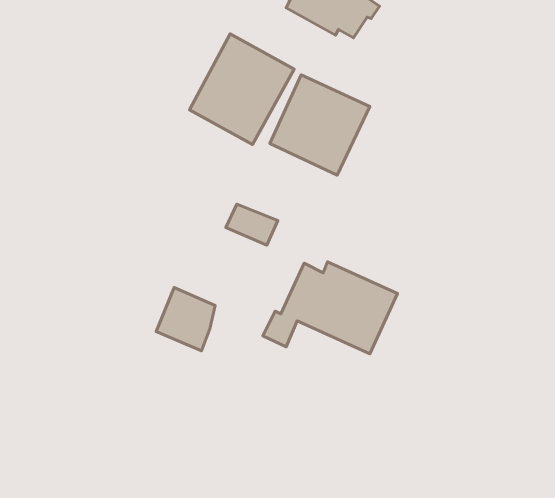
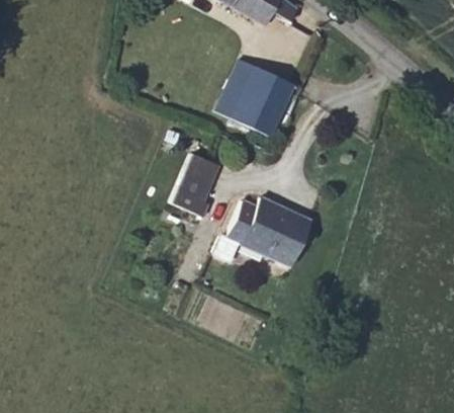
building: [189,34,294,144] -> none
building: [156,288,215,351] -> [172,172,215,219]

